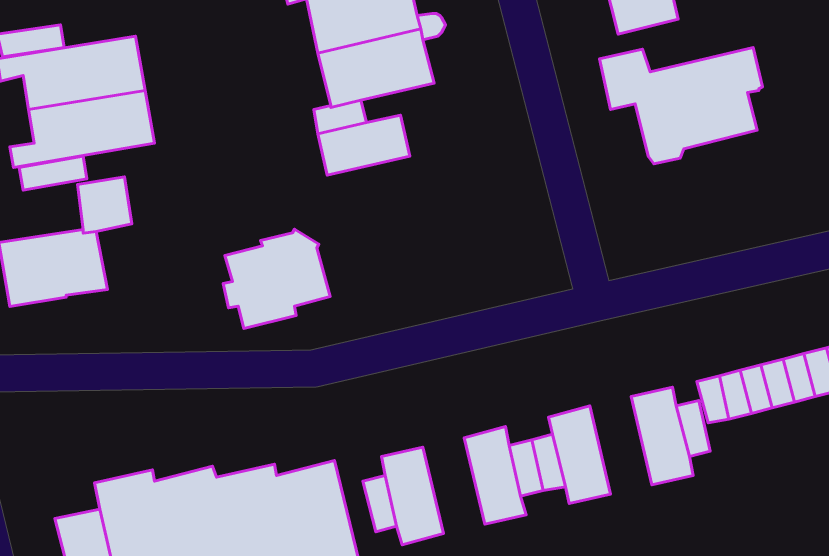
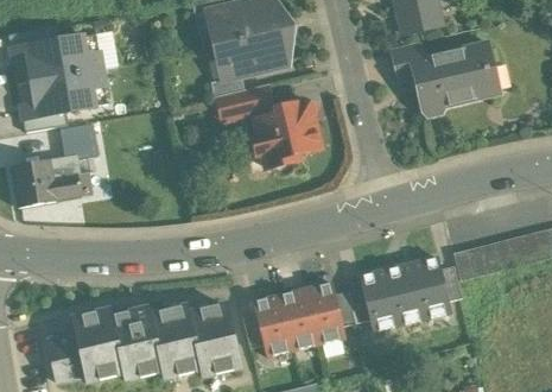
building: [223,229,330,329] -> [253,103,321,166]
building: none -> [386,263,425,324]
building: none -> [280,289,319,349]

